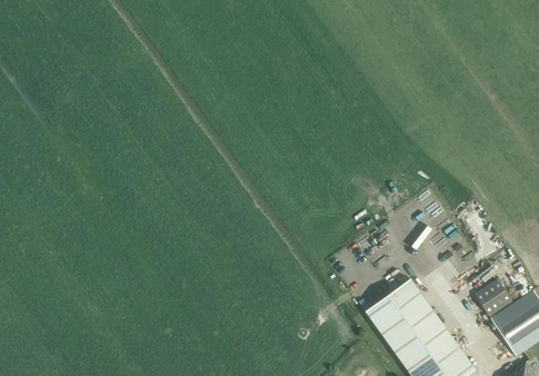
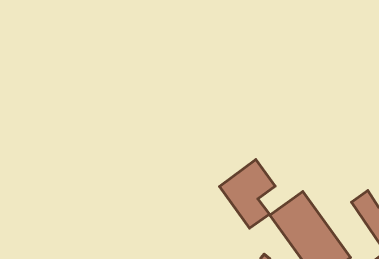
building: none -> [219,160,275,228]

